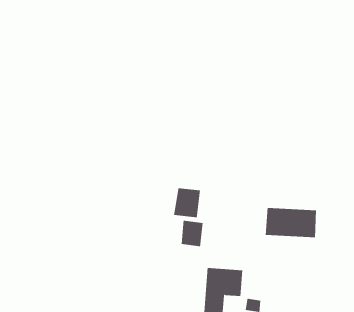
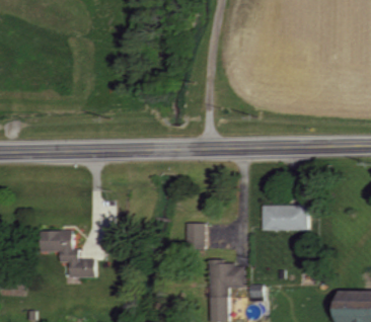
building: [173,187,201,218] -> none
building: none -> [42,230,91,275]

